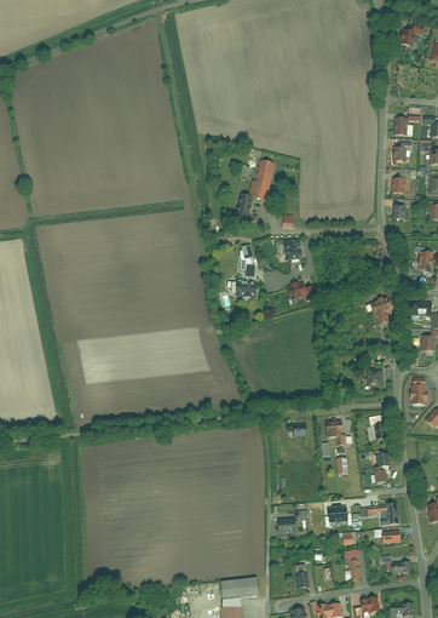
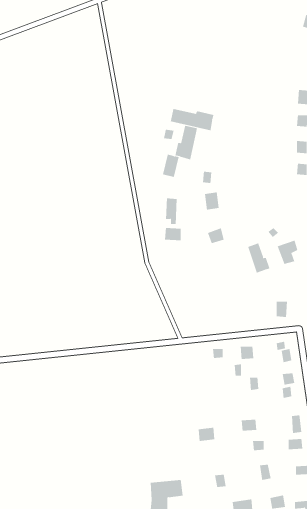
building: none -> [170,108,214,131]
building: none -> [247,243,270,274]

